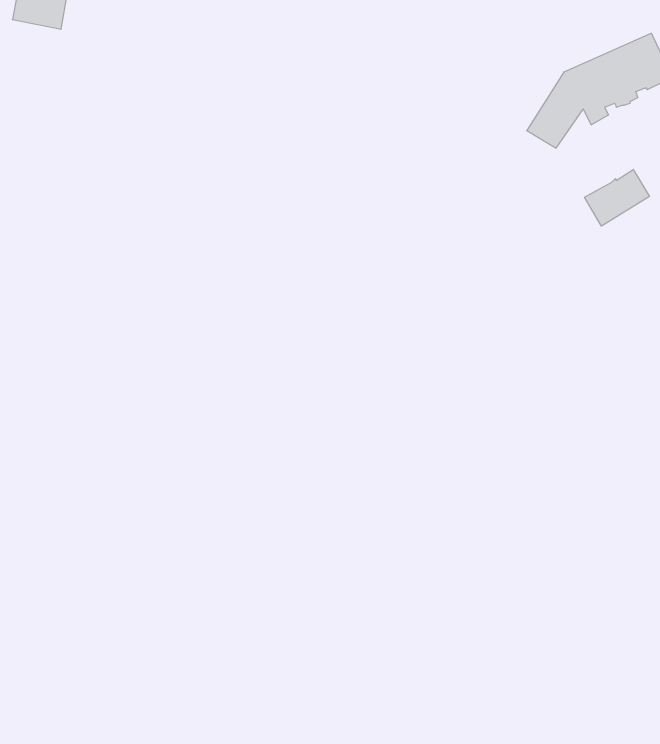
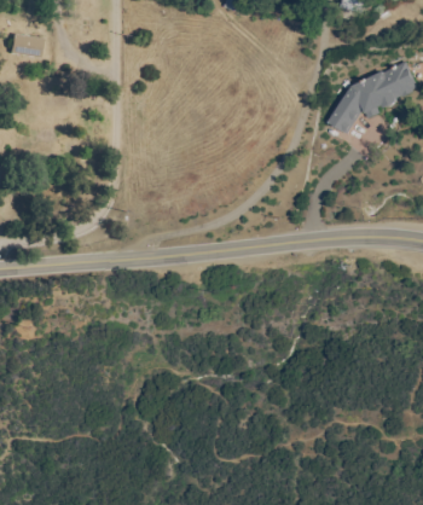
building: [585,169,650,226] -> none

